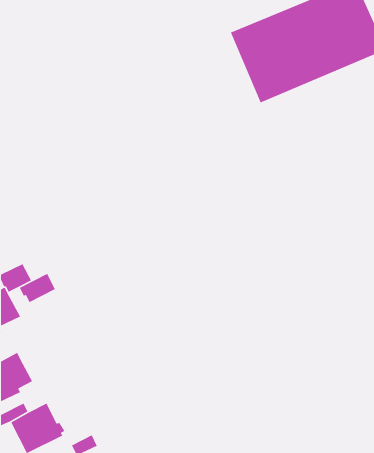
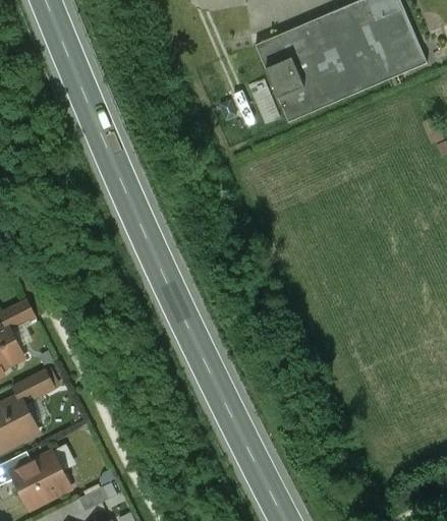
building: [19,273,56,303] -> [12,370,53,404]

